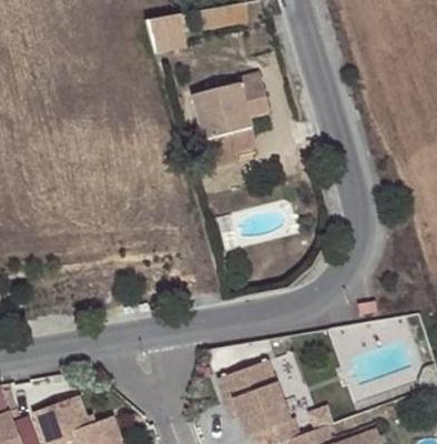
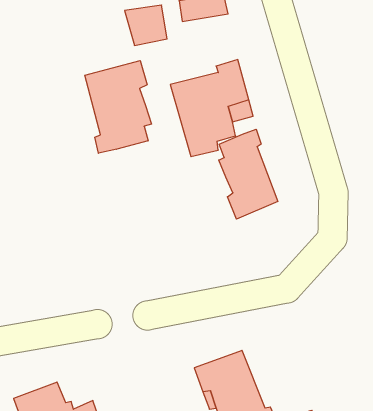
building: none -> [85,61,151,153]
building: none -> [219,129,278,219]

